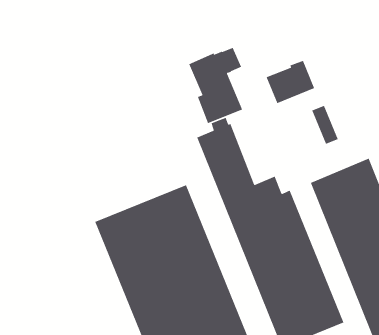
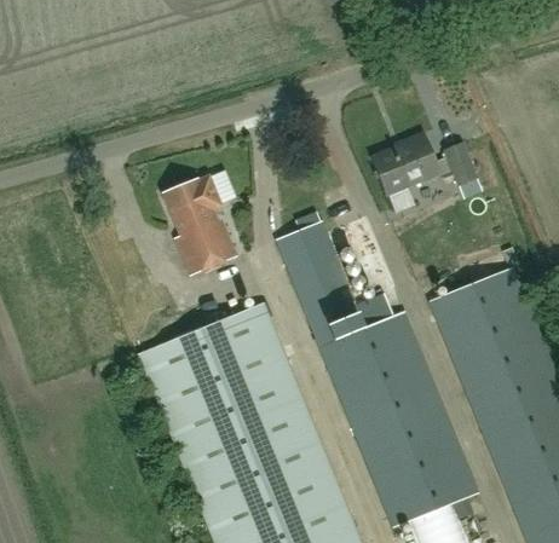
building: [188,47,243,124] -> [161,172,236,277]
building: [311,105,339,145] -> [443,144,480,198]

